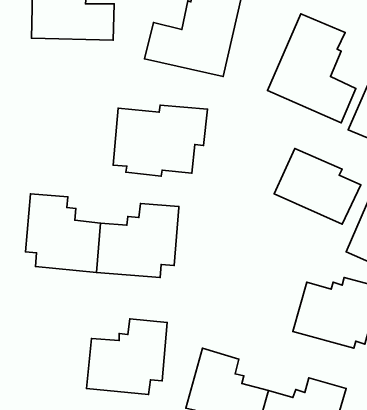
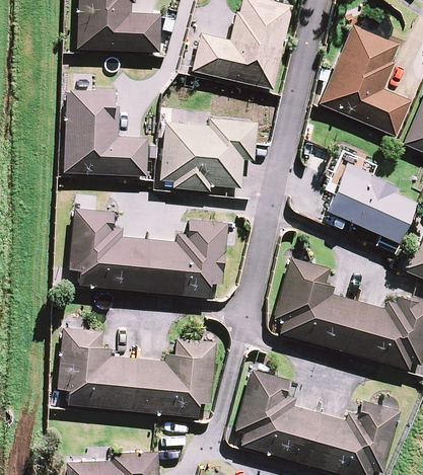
building: none -> [64,89,149,176]
building: none -> [275,258,360,351]
building: none -> [59,327,138,410]

